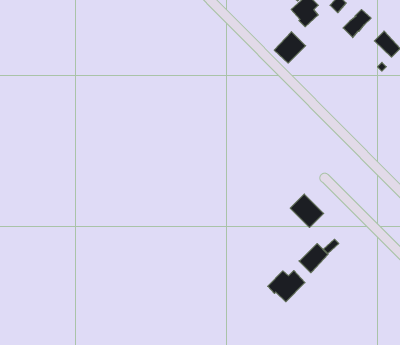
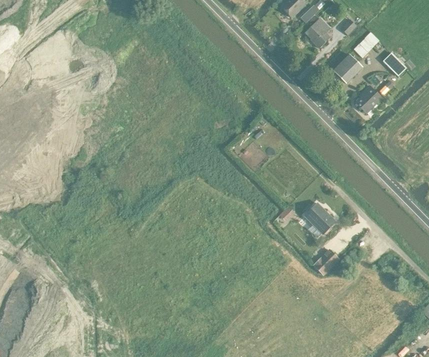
building: [274,32,306,63] -> [333,54,362,83]
building: none -> [355,85,382,113]
building: [268,271,305,302] -> none

